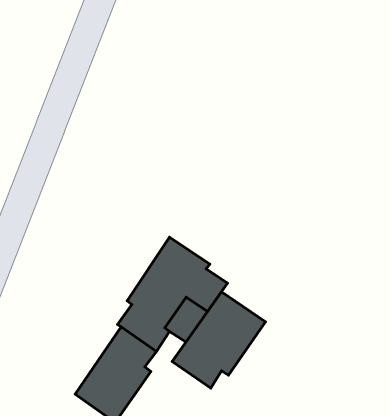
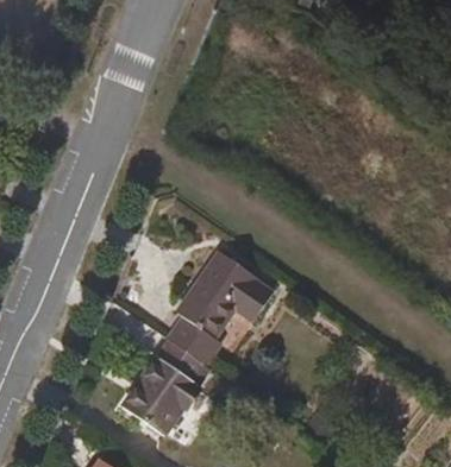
building: [172,292,266,388] -> none

